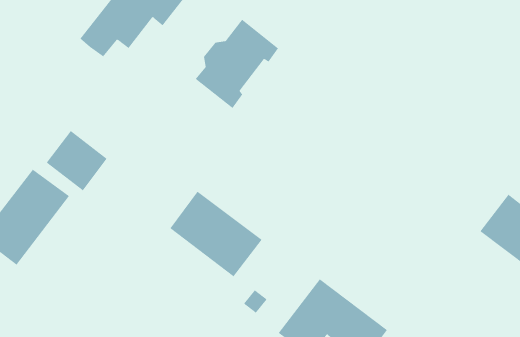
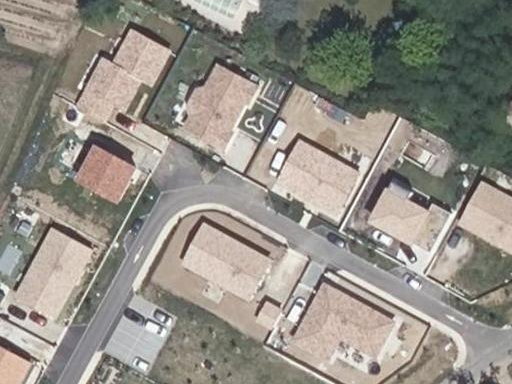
building: none -> [277,143,355,213]
building: [46,130,108,191] -> [79,147,133,199]
building: none -> [369,177,449,248]

